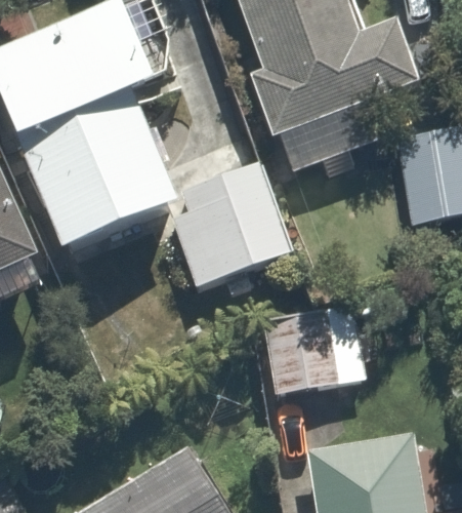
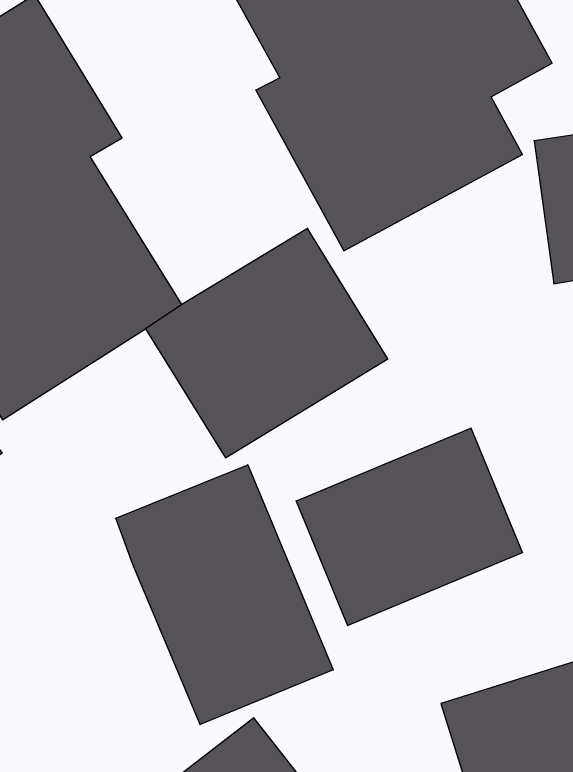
building: none -> [116,465,333,725]

